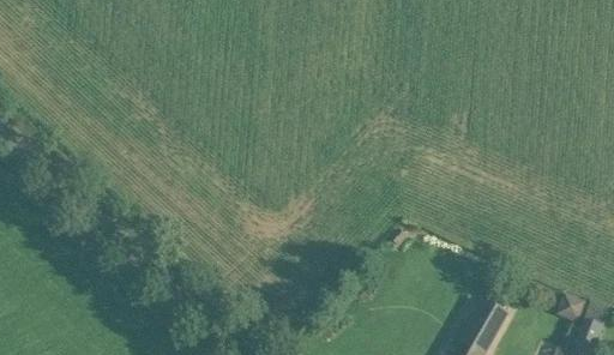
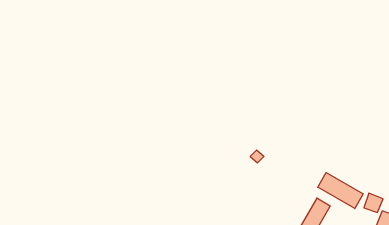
building: none -> [318,173,363,209]

